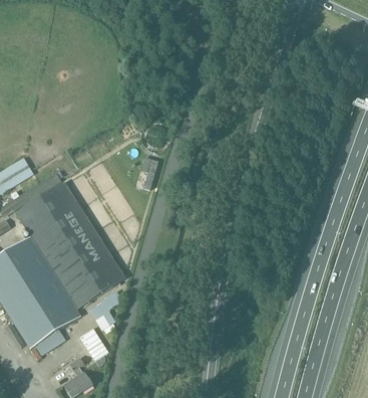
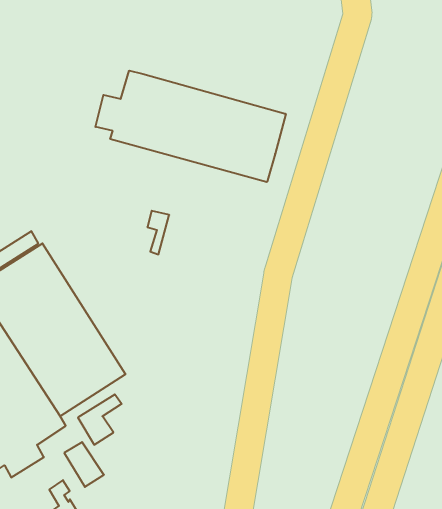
building: none -> [95,71,286,182]

